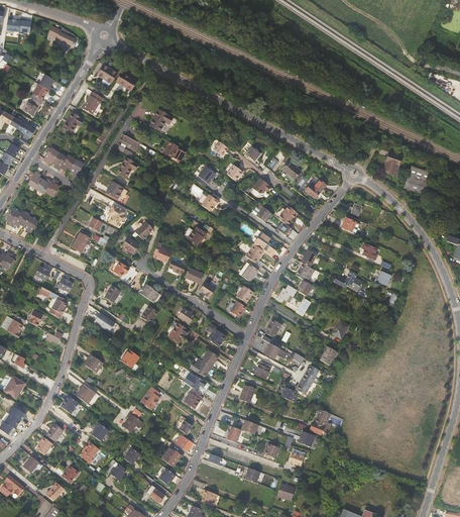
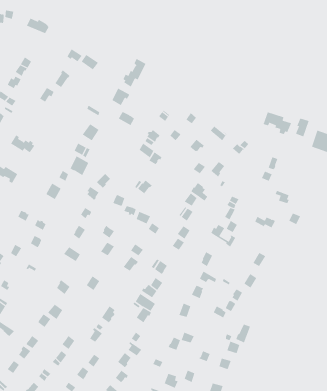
building: none -> [123,58,146,88]
building: none -> [263,111,292,135]
building: [43,146,84,176] -> none

